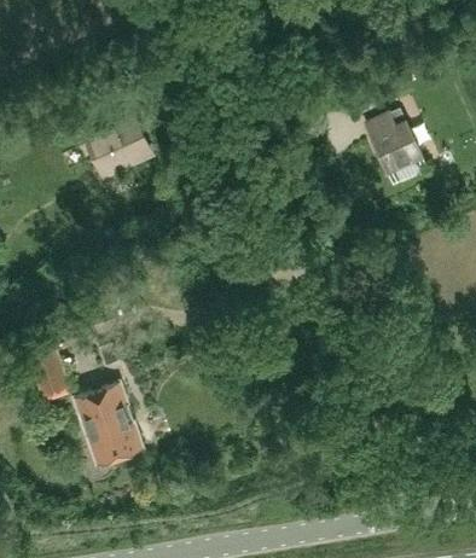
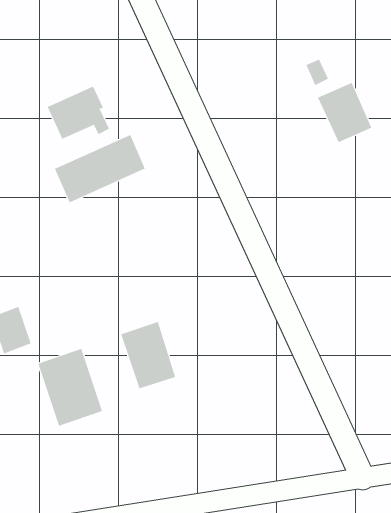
building: none -> [54,134,145,203]
building: none -> [121,321,176,389]

